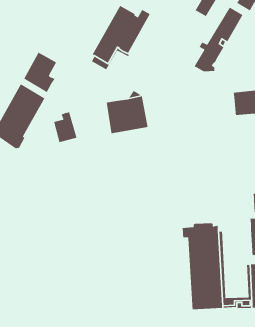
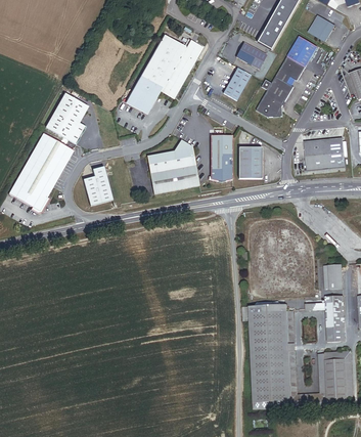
building: none -> [235,42,264,68]
building: none -> [221,67,249,99]
building: none -> [210,133,231,177]
building: none -> [237,145,261,177]

